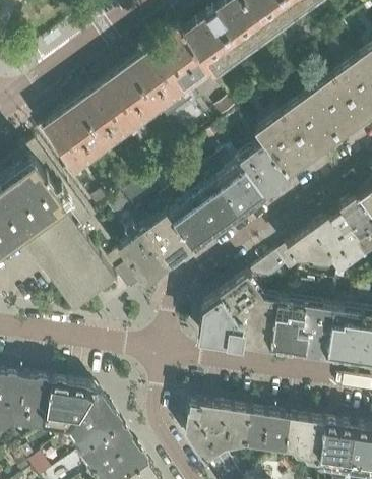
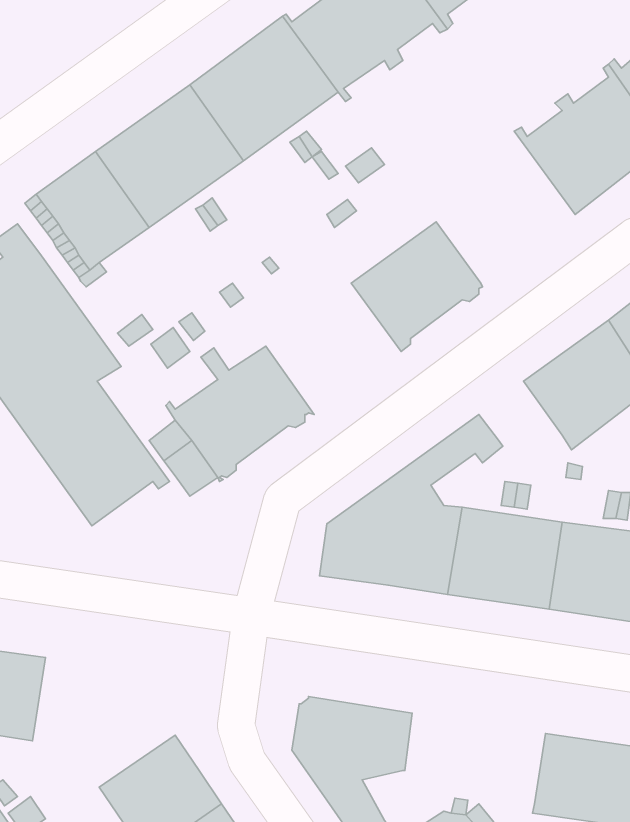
building: [254,94,339,177] -> none
building: [170,177,244,249] -> none
building: [287,231,332,266] -> none
building: [42,382,120,452] -> none
building: [246,413,323,463] -> none

